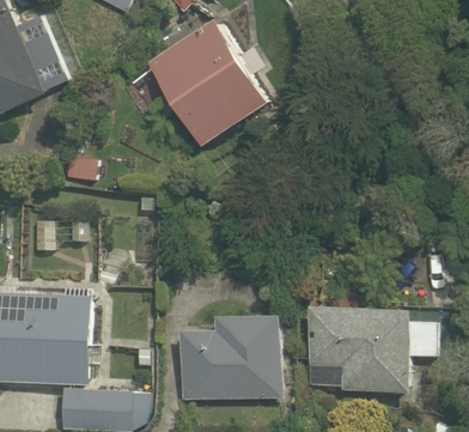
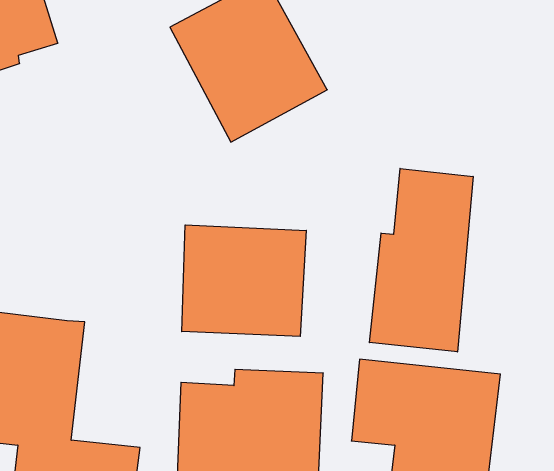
building: none -> [369,168,473,352]
building: none -> [182,225,306,336]

